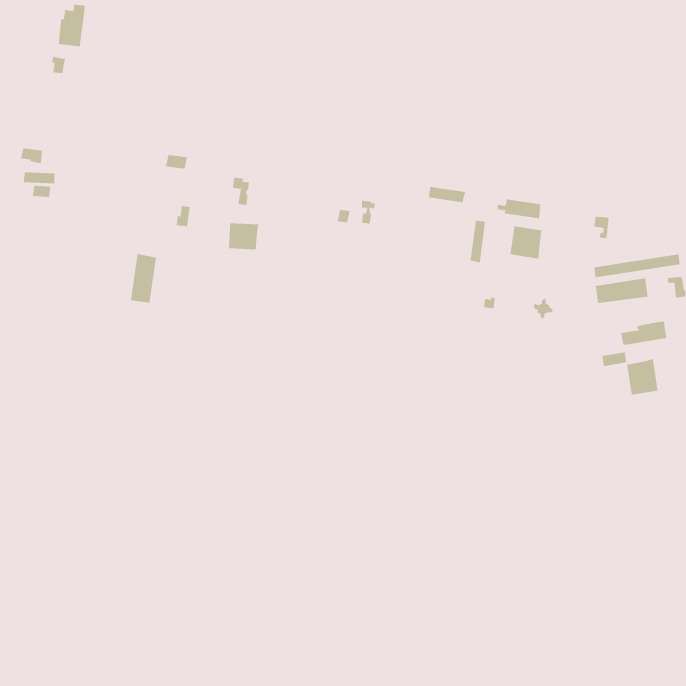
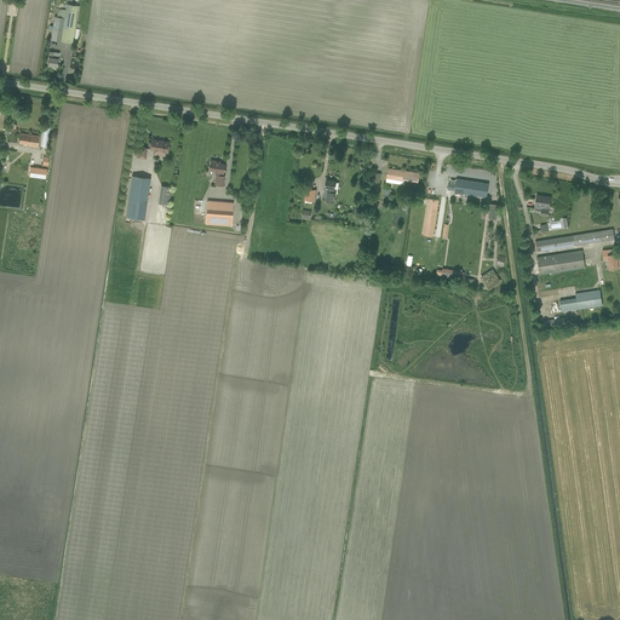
building: [510,226,542,259] -> none
building: [130,254,157,303] -> [126,174,150,219]
building: [627,358,658,396] -> none

